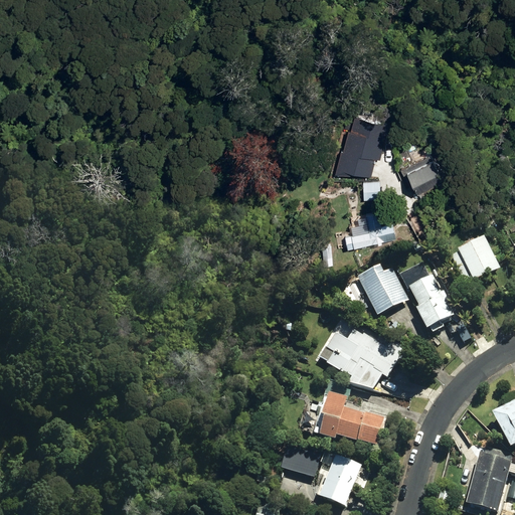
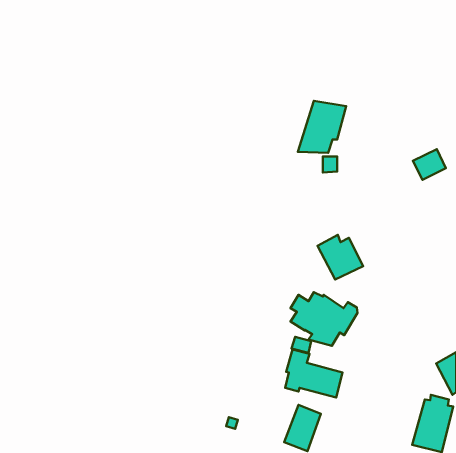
building: [406,152,444,186] -> [413,149,446,180]
building: [351,206,384,241] -> none
building: [459,235,500,281] -> none
building: [410,275,455,330] -> none
building: [281,446,320,477] -> none

